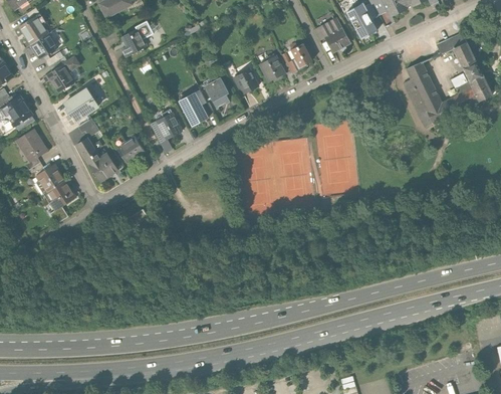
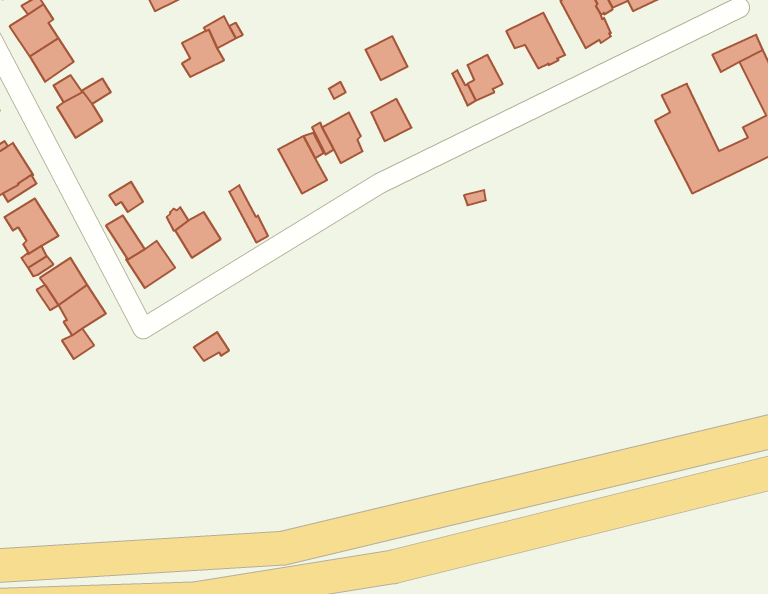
building: [259,55,284,81] -> [365,36,408,80]
building: [64,85,98,121] -> none
building: [154,110,181,140] -> none

